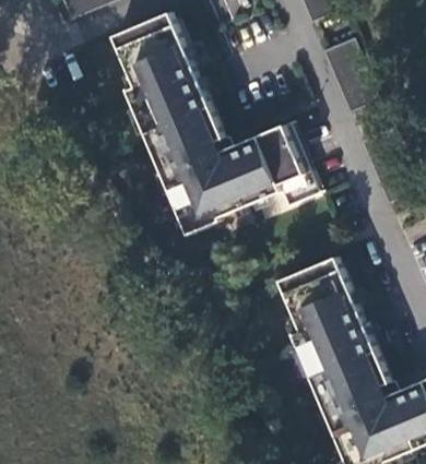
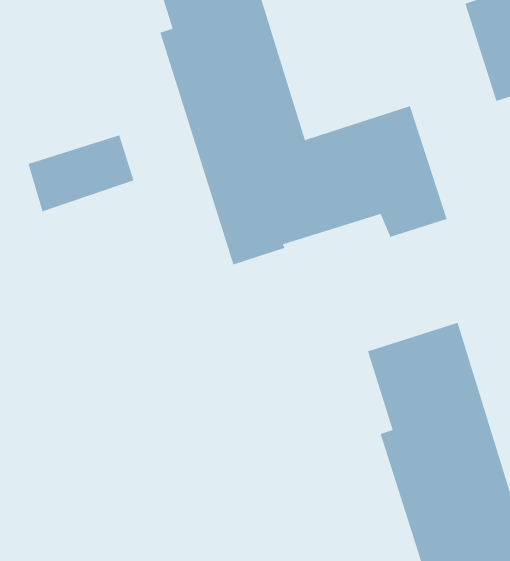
building: none -> [28,135,134,212]

